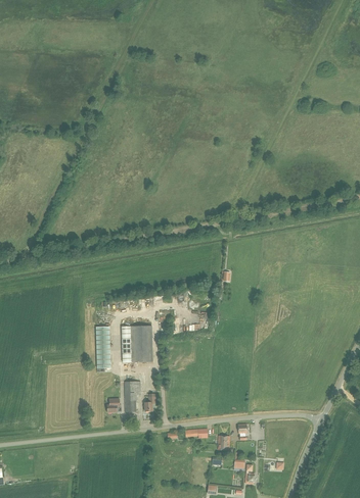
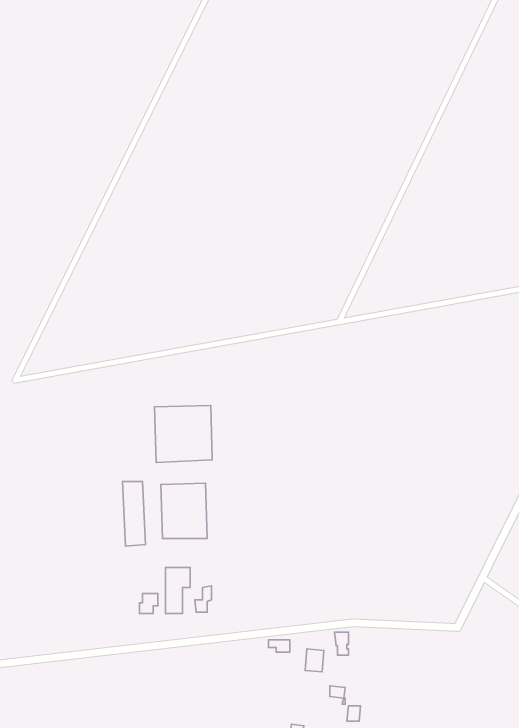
building: none -> [155,406,212,463]

